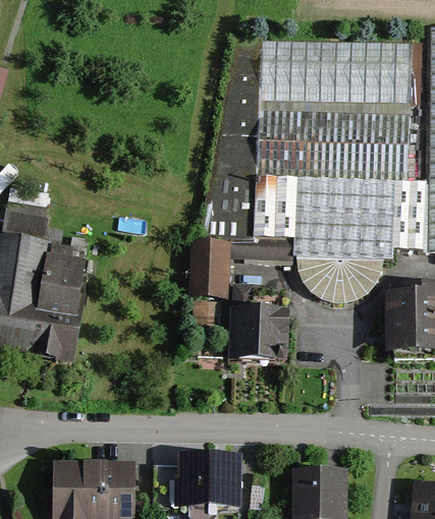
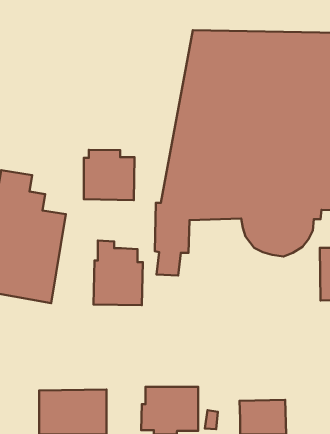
building: none -> [84,150,135,200]
building: [230,287,288,363] -> [94,241,143,305]

